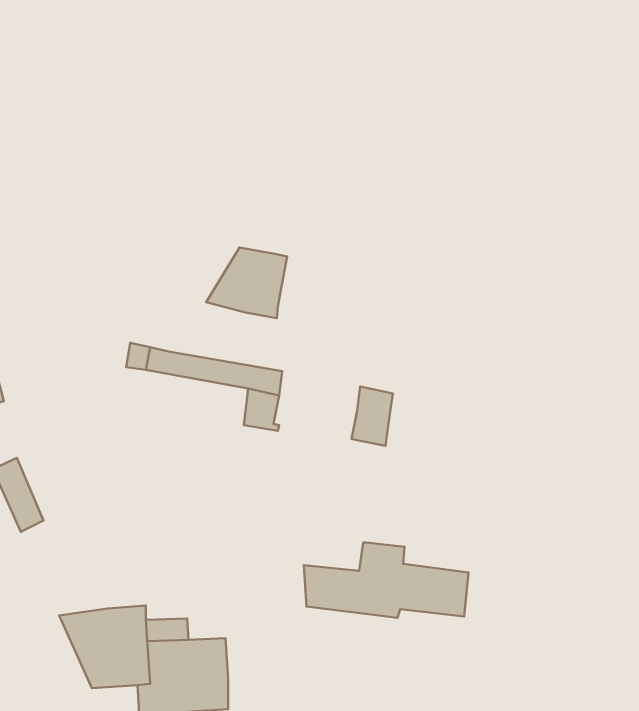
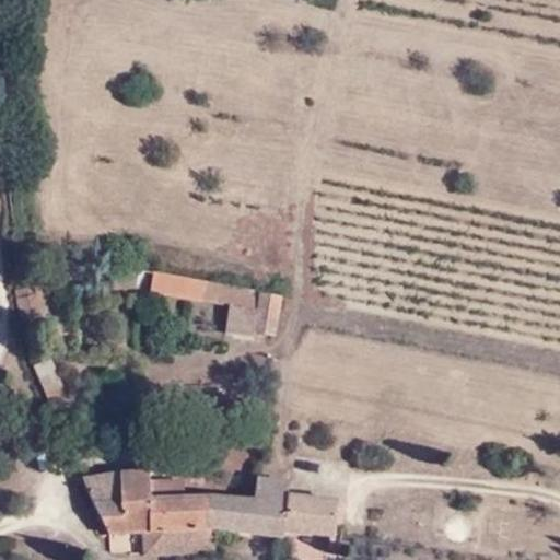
building: [206,247,287,318] -> none
building: [352,386,393,446] -> [247,290,279,336]
building: [304,543,468,618] -> [210,478,337,536]

